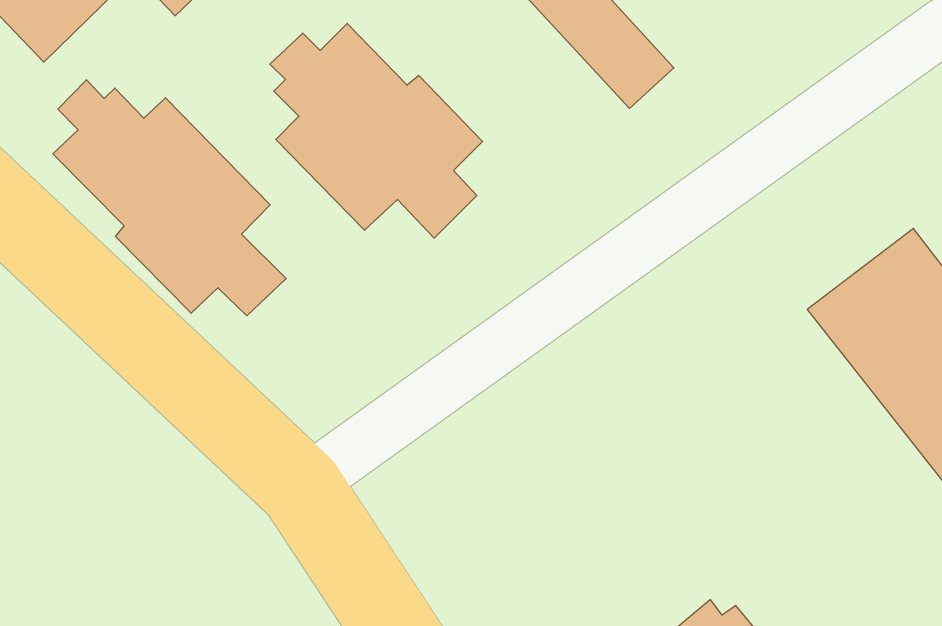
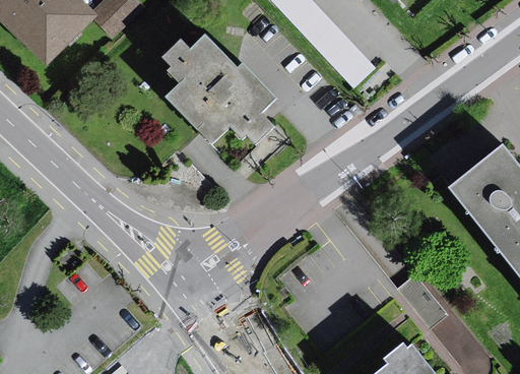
building: [53,80,286,316] -> none

